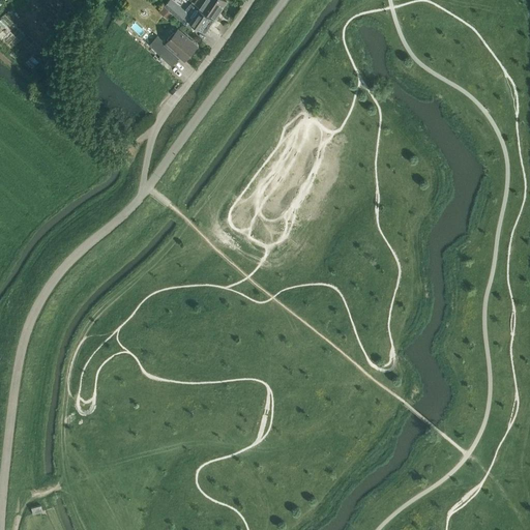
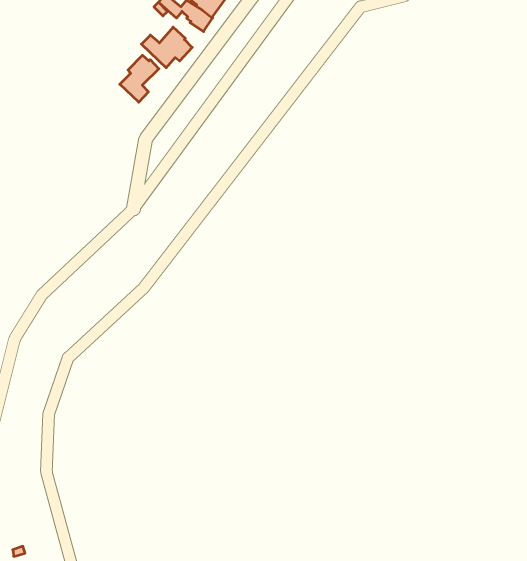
building: none -> [120,55,159,102]

